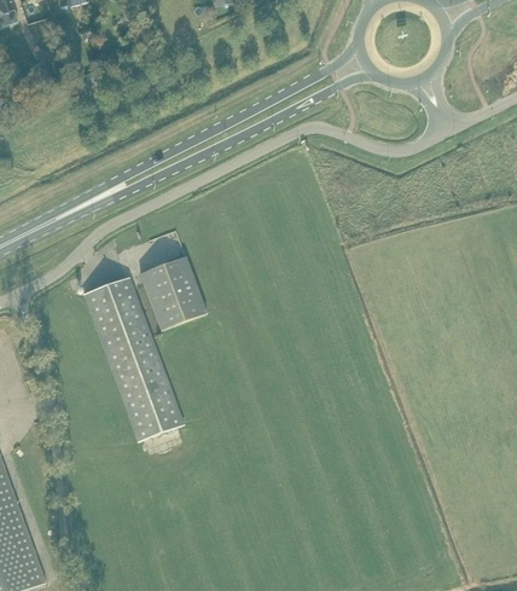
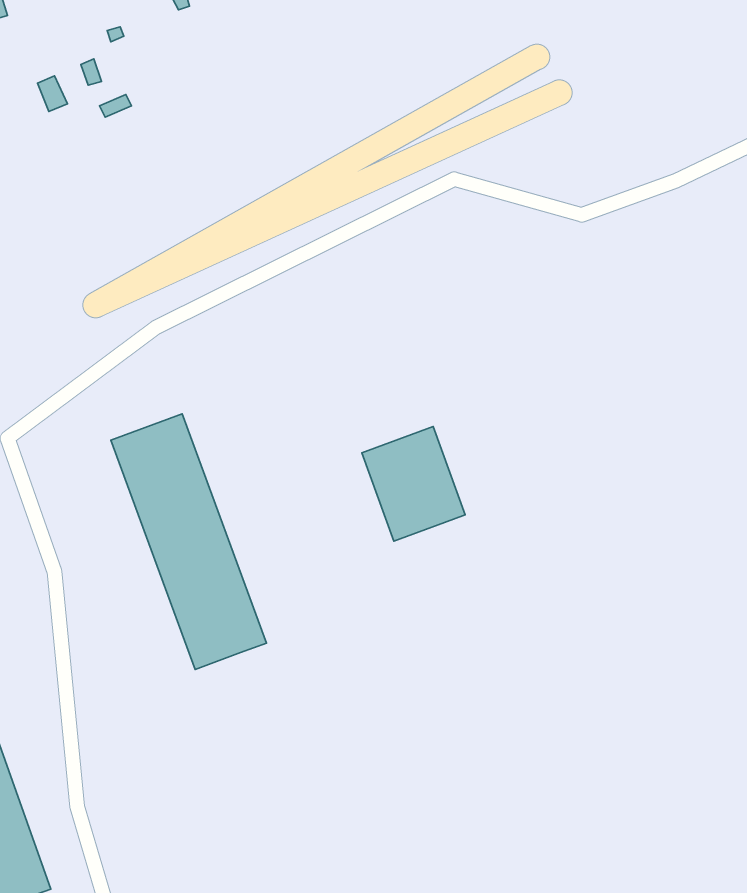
building: [140,255,207,329] -> [362,427,465,541]

